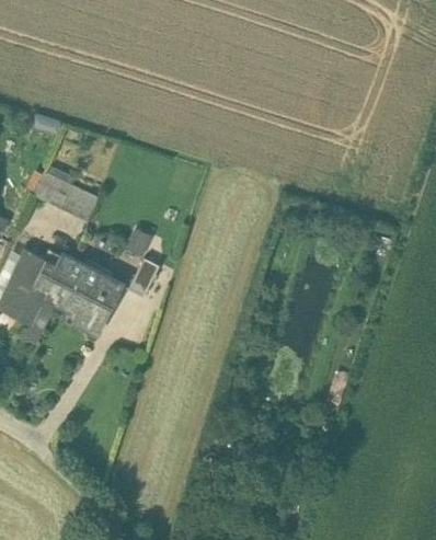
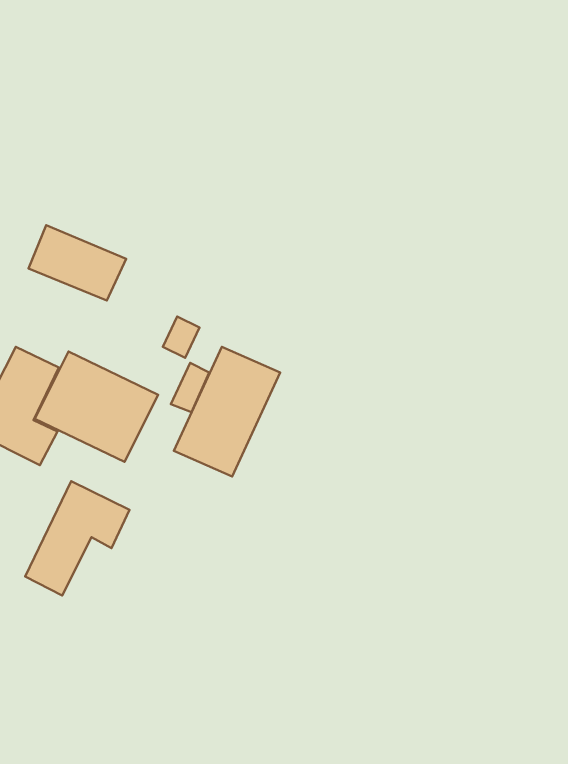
building: none -> [174,347,280,476]
building: none -> [25,481,130,596]

